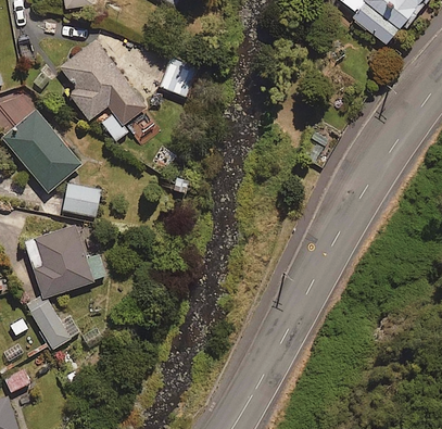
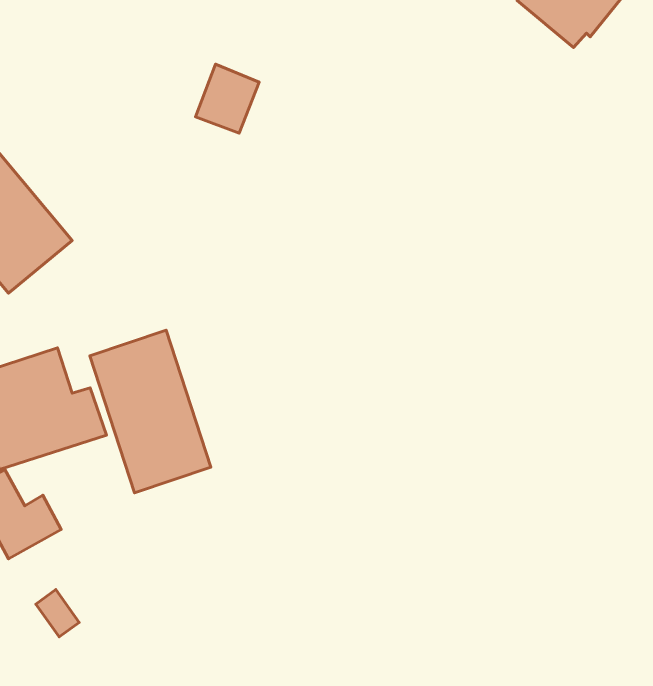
building: [60,40,146,139] -> none
building: [62,182,100,216] -> none
building: none -> [90,330,211,493]

